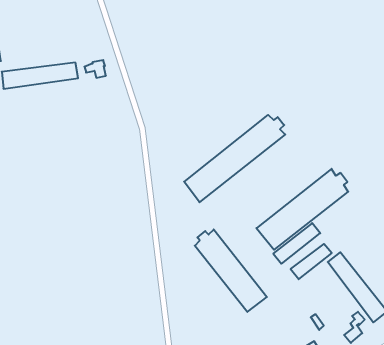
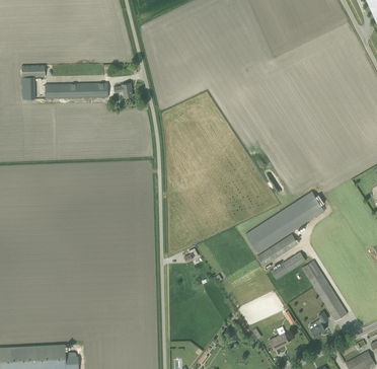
building: [184,115,285,202] -> none
building: [195,229,267,312] -> none

